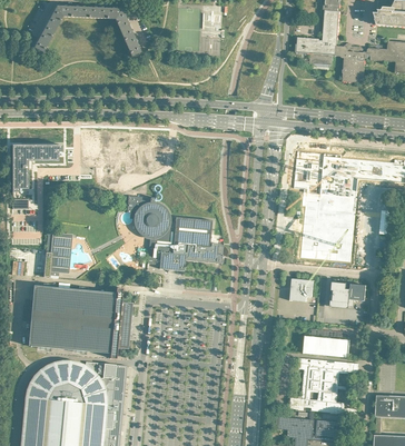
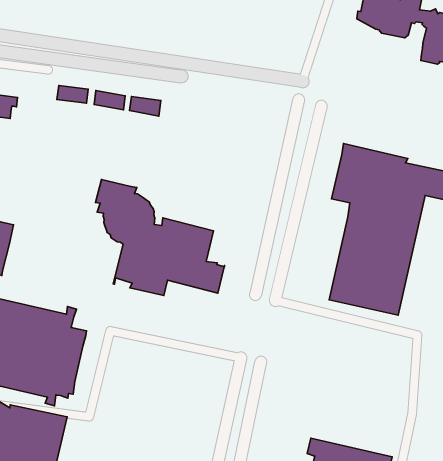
building: [289,279,314,301] -> none
building: [329,283,366,308] -> none
building: [304,329,350,357] -> none

